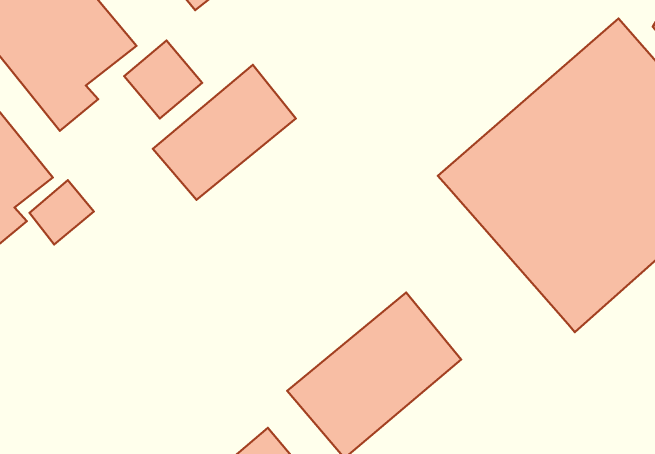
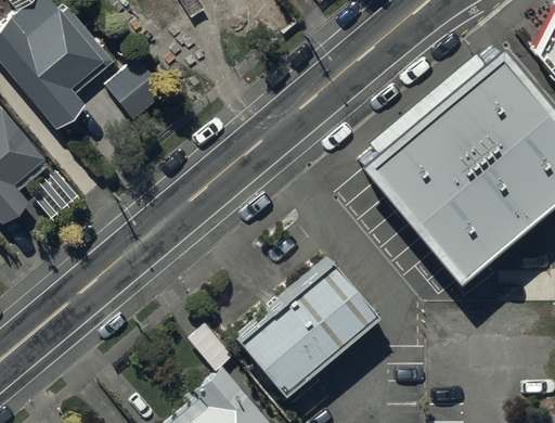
building: [153,65,296,200] -> none

